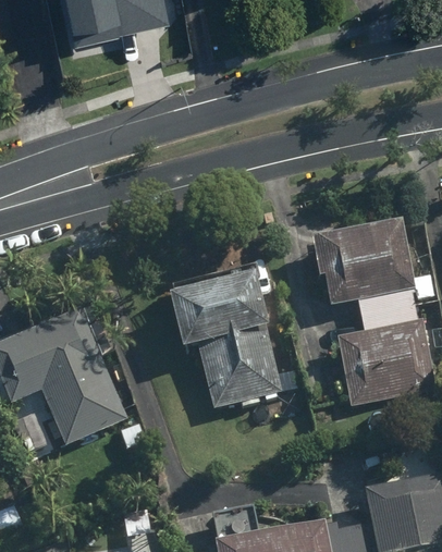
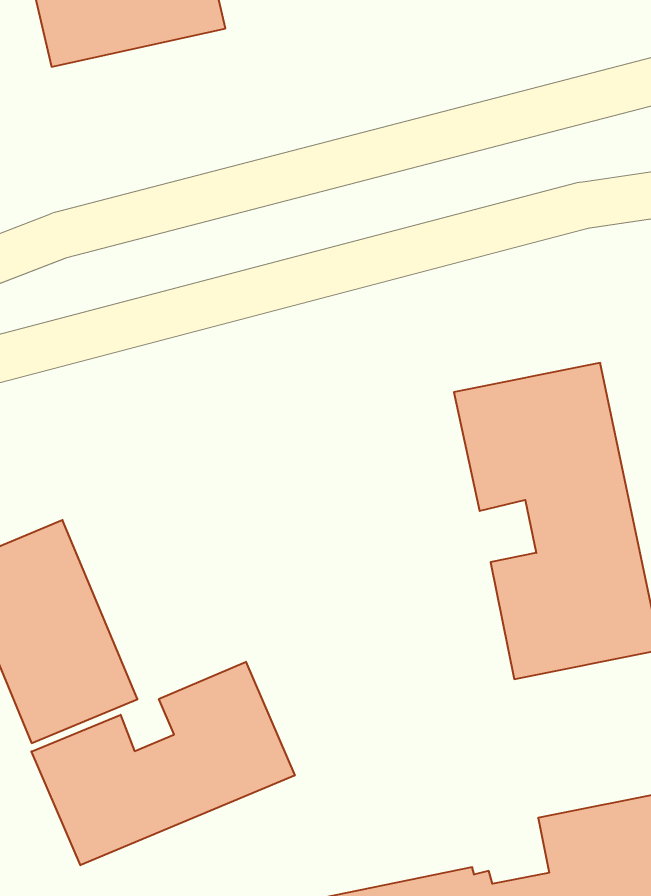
building: [167,265,281,407] -> none
building: none -> [31,662,295,865]

